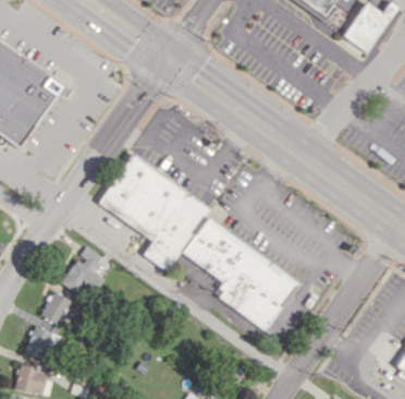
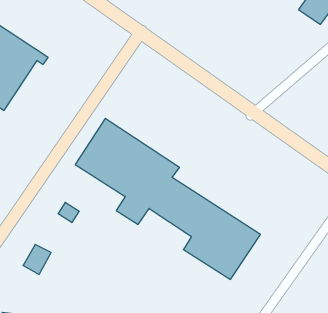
building: [62,261,105,293] -> none
building: [26,326,58,360] -> none

